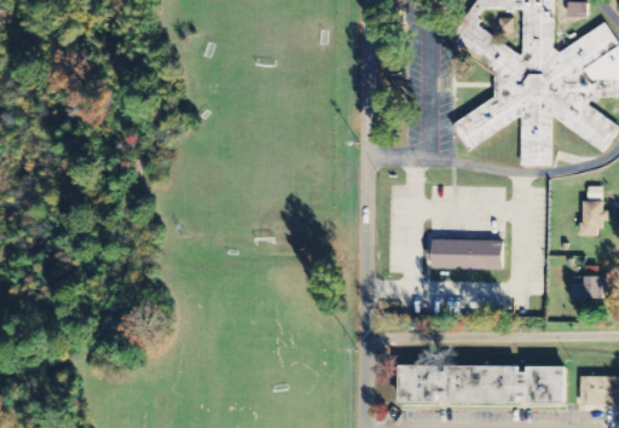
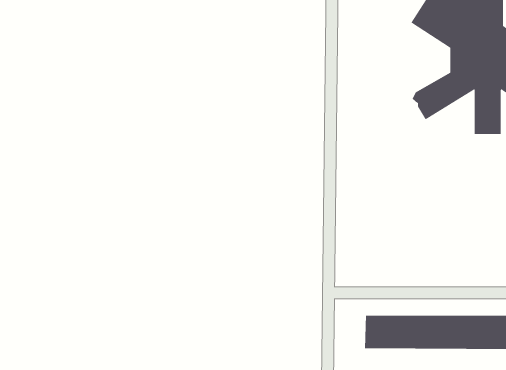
building: [429,239,503,271] -> none

